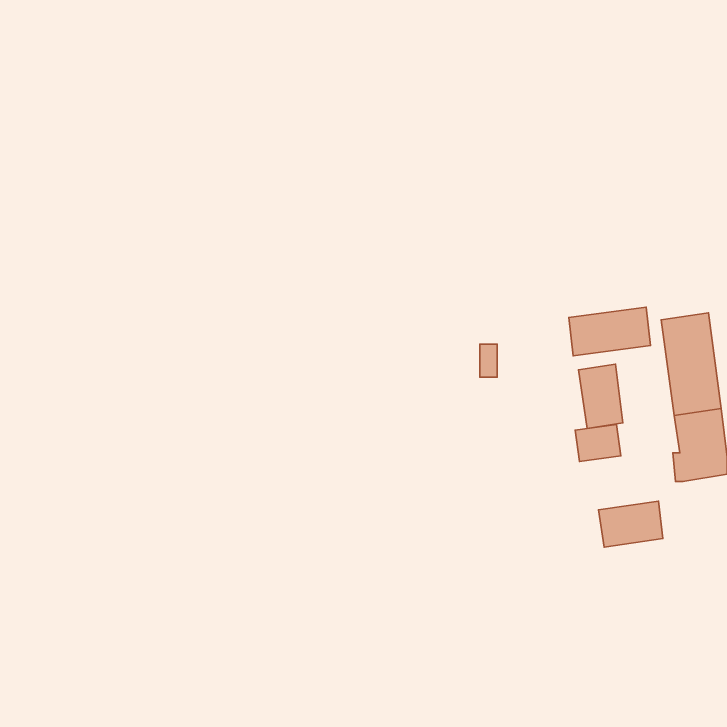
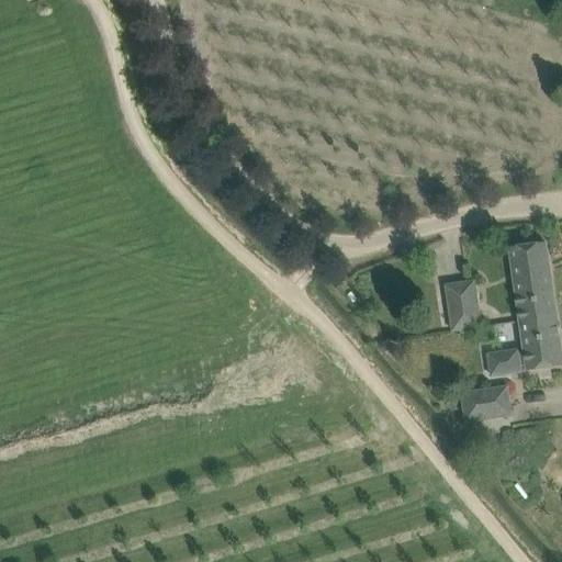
building: [569,307,651,356] -> none
building: [575,424,621,462] -> [485,347,520,375]

